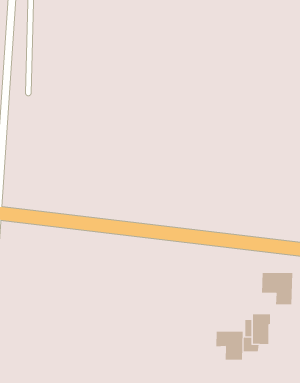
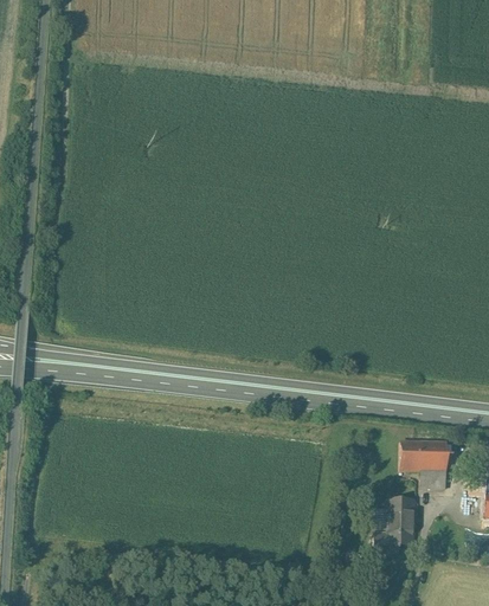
building: [216,331,243,361] -> none

